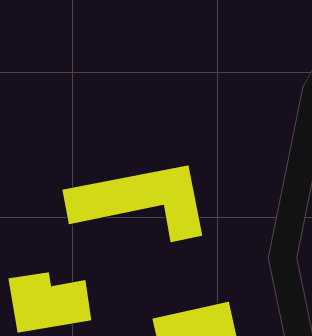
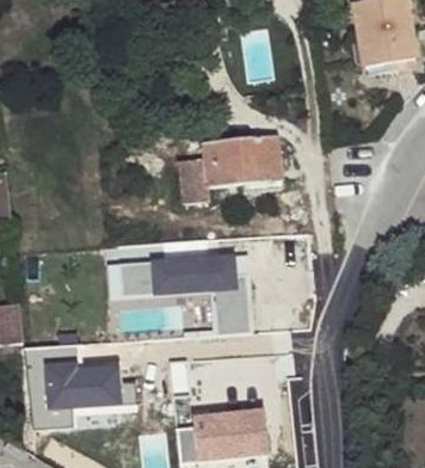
building: none -> [177,134,283,204]

